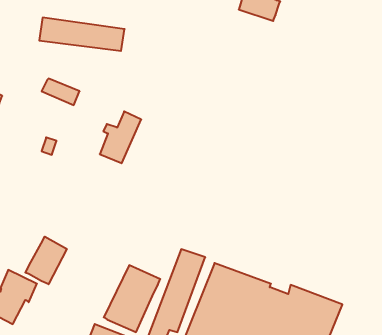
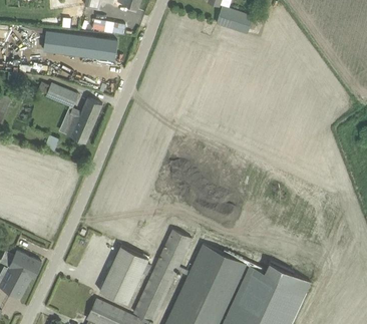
building: [100,111,141,163] -> [66,98,102,143]
building: [25,237,67,284] -> none

